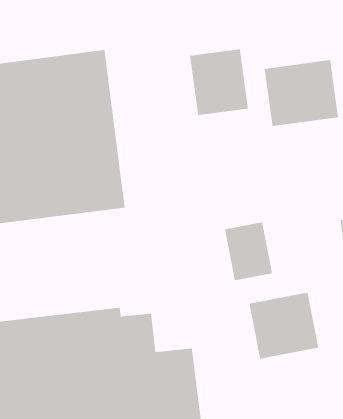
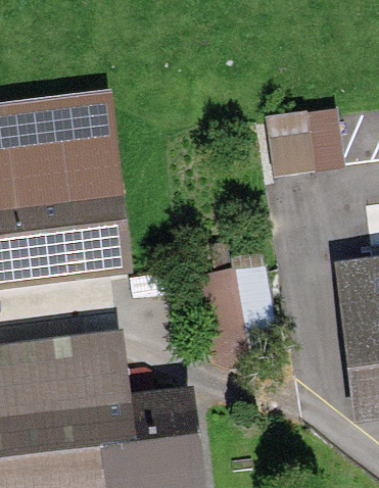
building: [190,48,249,116] -> none
building: [249,292,319,359] -> none

